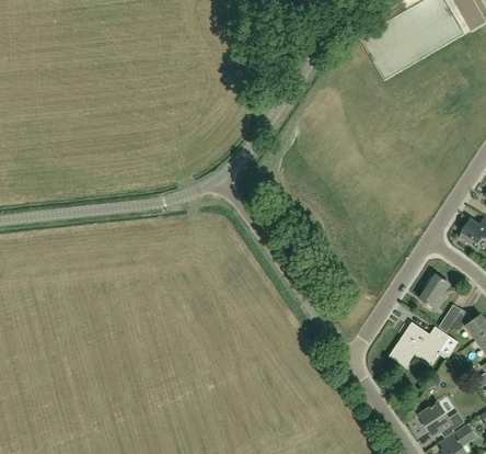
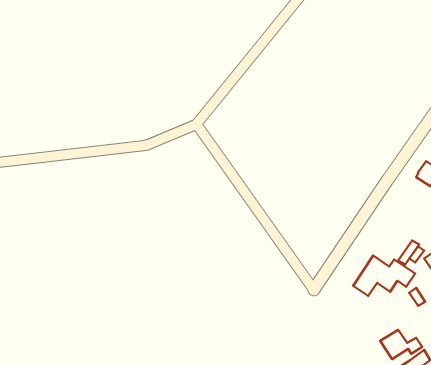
building: [419,274,450,308] -> none

